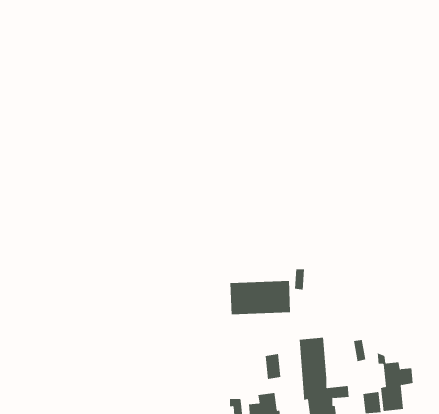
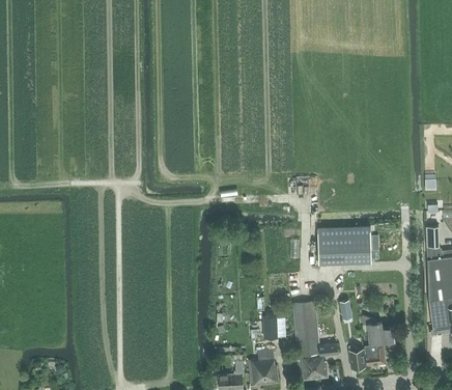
building: [230,281,291,315] -> [316,234,370,264]

